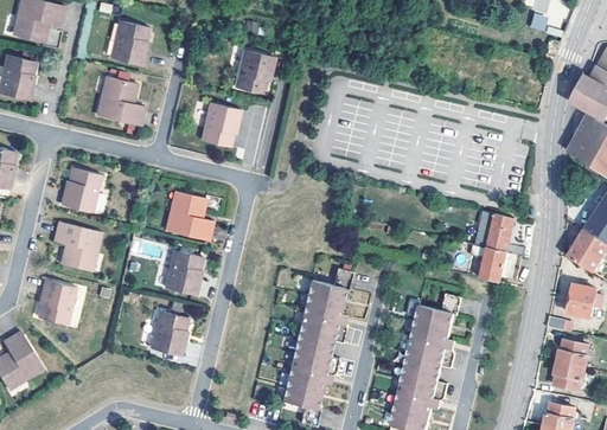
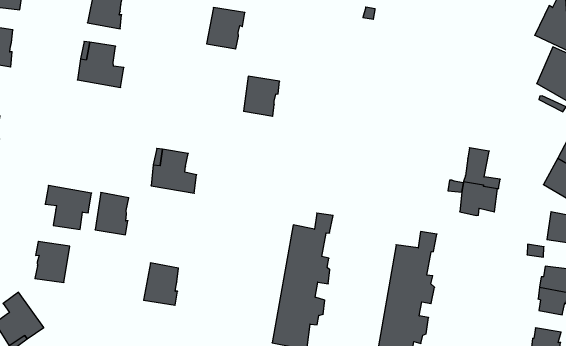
building: [200,104,239,147] -> [244,76,280,116]
building: [63,168,104,212] -> none
building: [166,249,203,294] -> [95,193,129,235]

